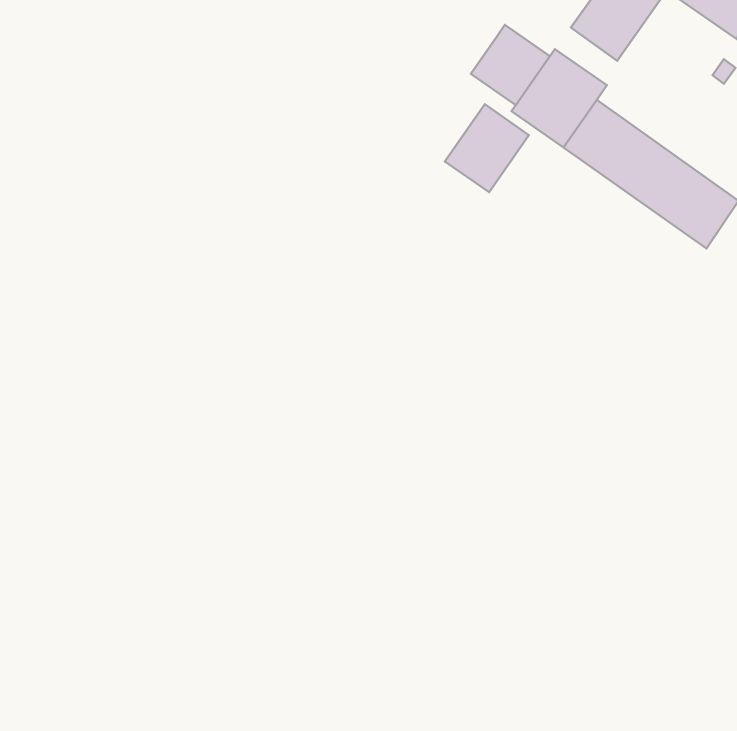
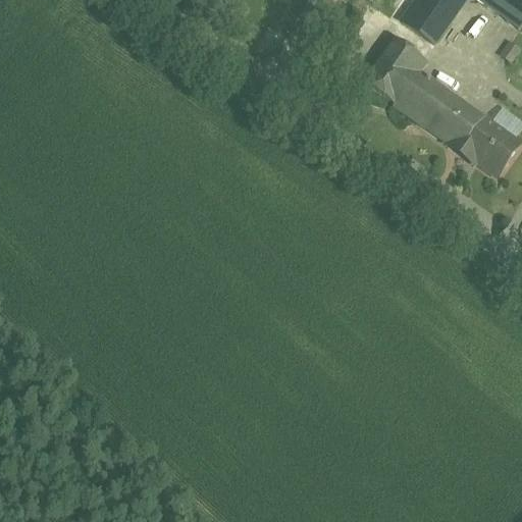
building: [471,25,550,105] -> none
building: [445,104,529,192] -> none

